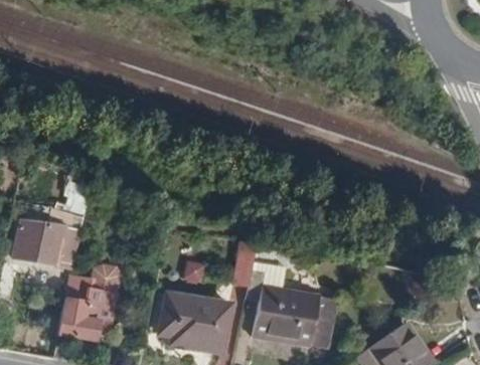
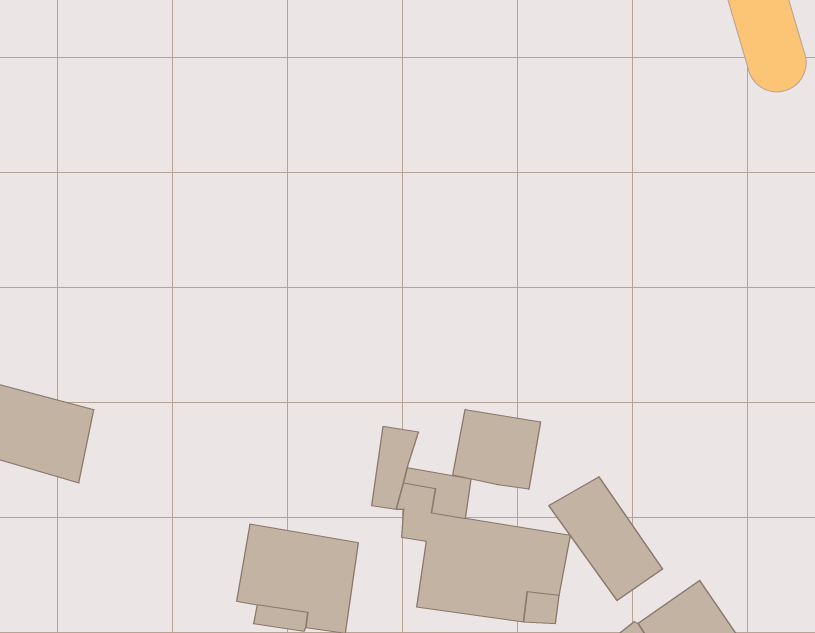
building: none -> [453,409,541,489]
building: none -> [549,477,663,601]
building: [59,273,117,340] -> none

